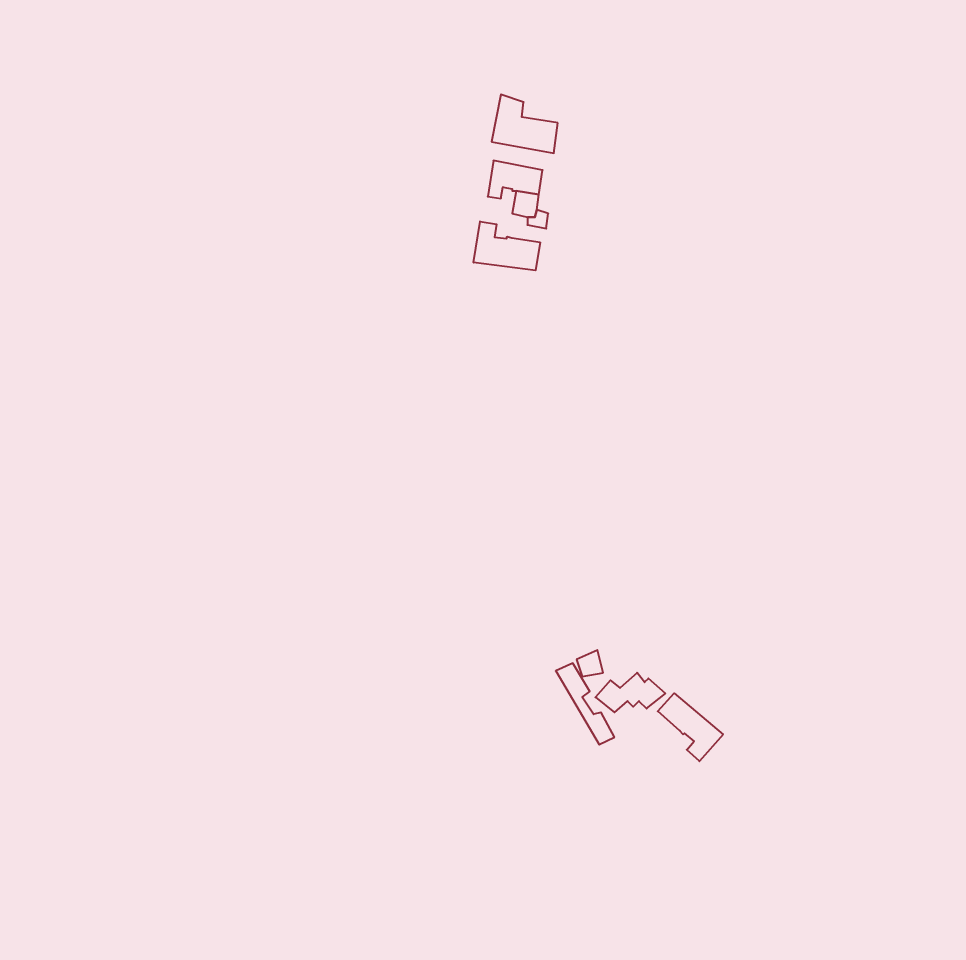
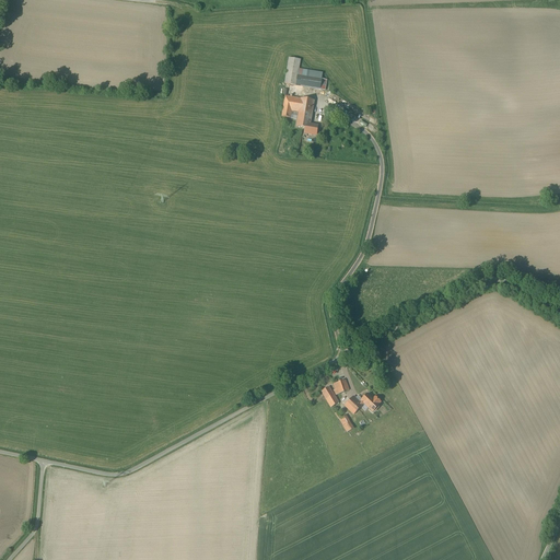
building: [474,221,540,270] -> none
building: [658,693,723,761] -> none

